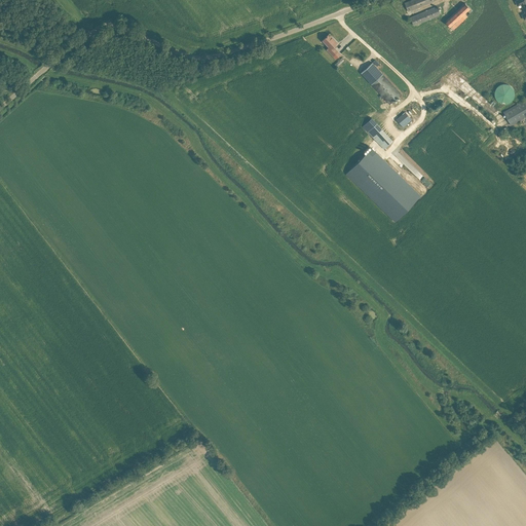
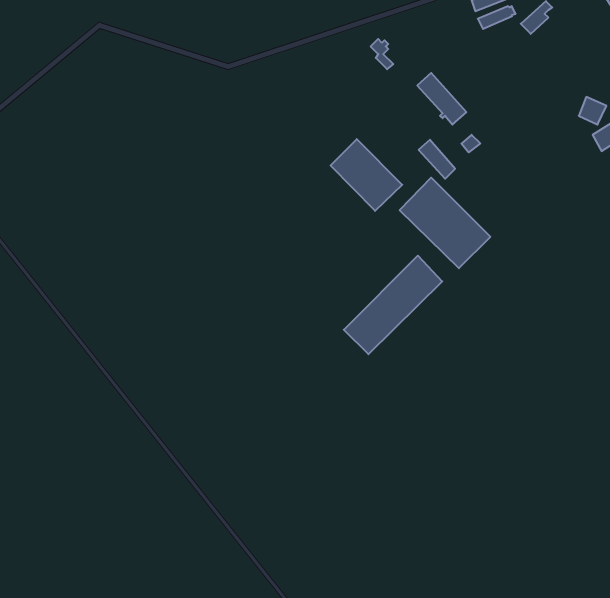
building: none -> [331,139,402,211]
building: none -> [344,256,442,354]

